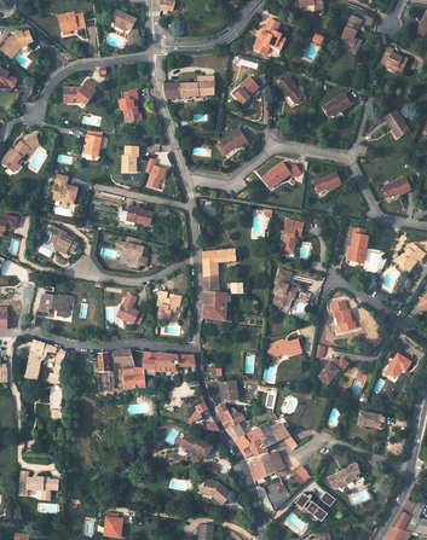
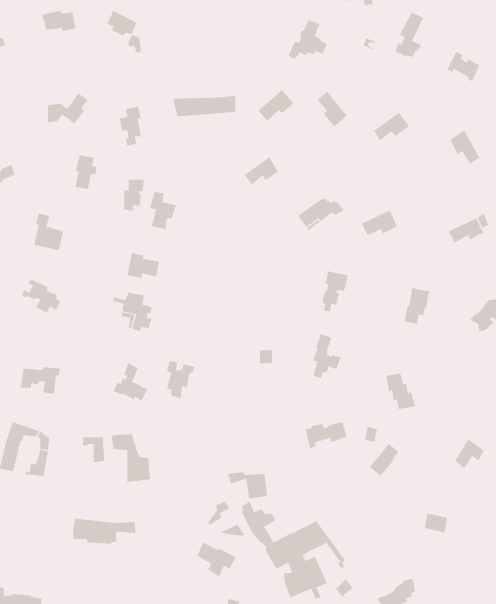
building: [202,249,236,321] -> none
building: [144,352,195,372] -> [73,518,137,544]

